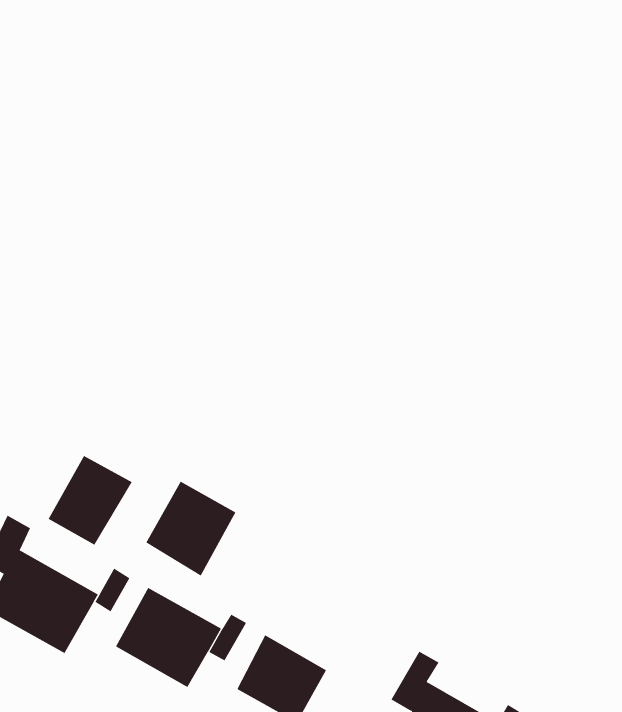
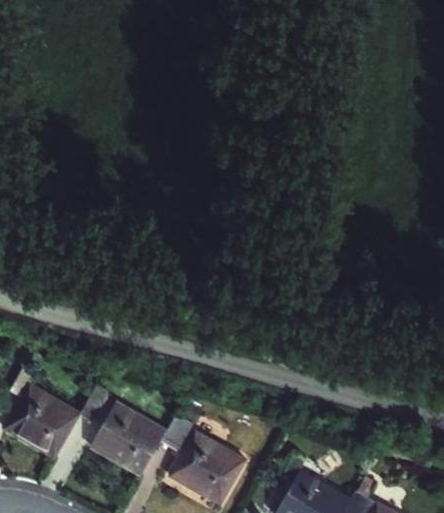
building: [48,455,132,545] -> none
building: [146,481,236,577] -> none

